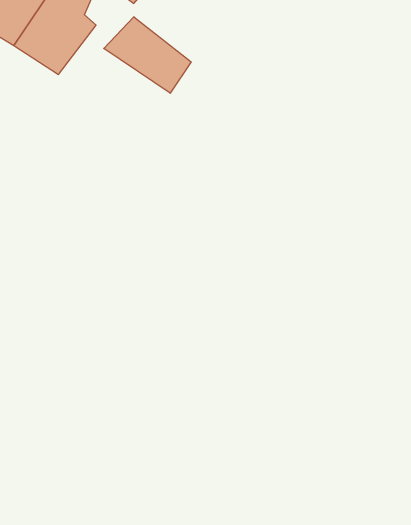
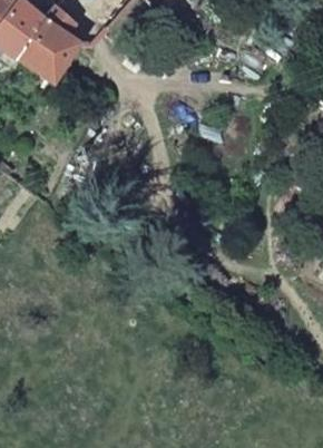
building: [104,17,191,93] -> none

